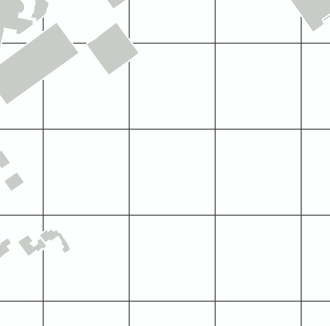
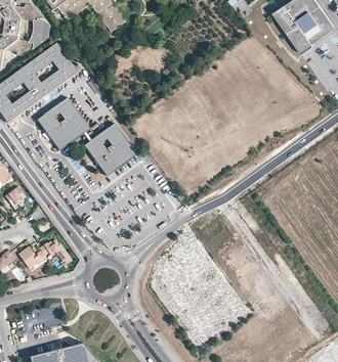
building: [86,22,139,75] -> [39,99,90,150]
building: none -> [85,125,136,176]

